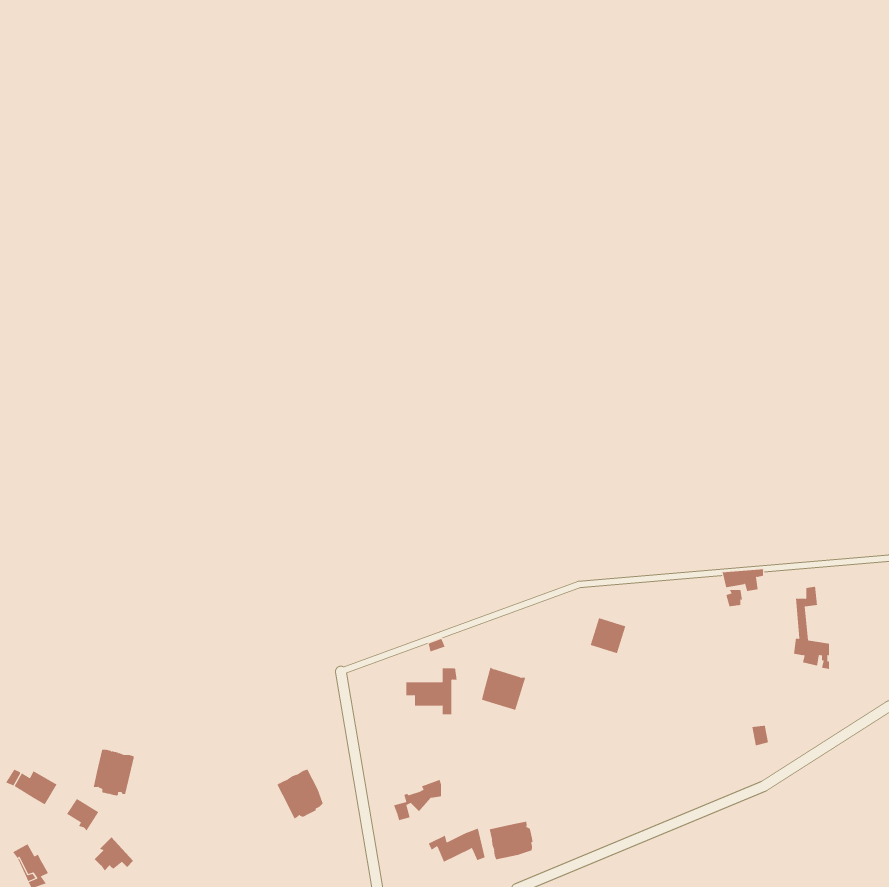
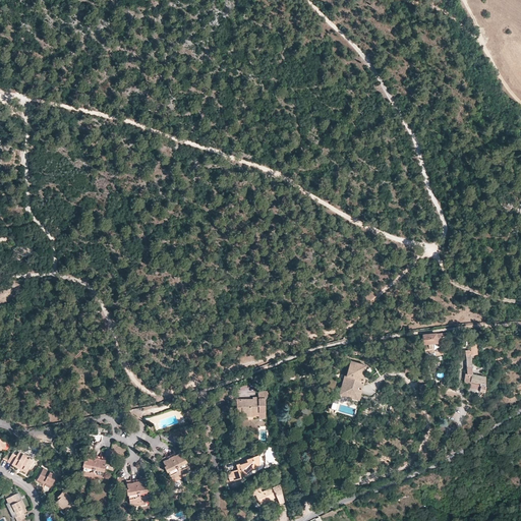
building: [481,667,526,710] -> [338,378,364,403]
building: [93,749,134,796] -> [82,454,107,481]
building: none -> [128,479,151,506]
building: [489,821,533,860] -> none

